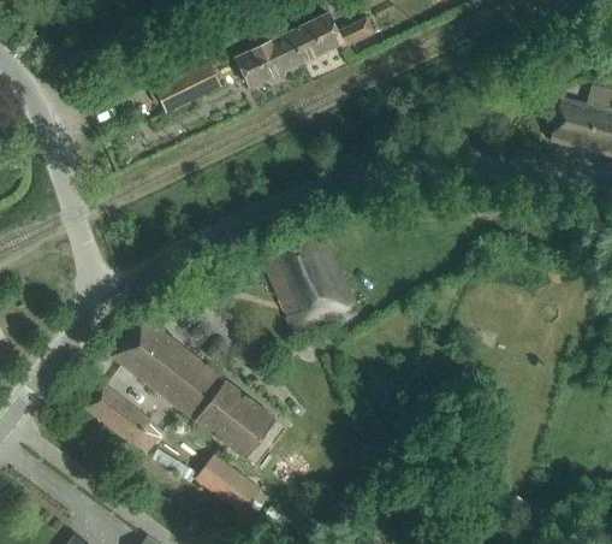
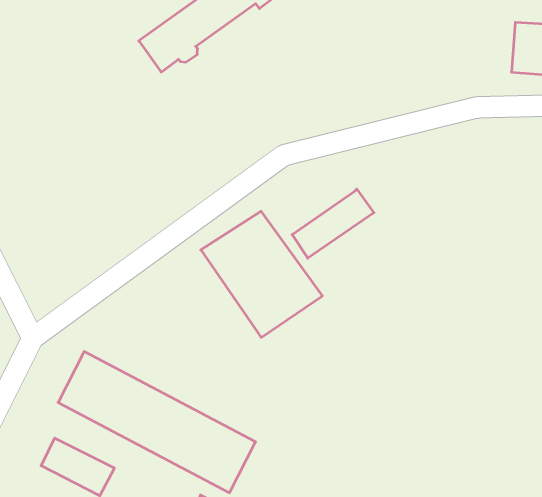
building: [154,61,221,113] -> none
building: none -> [292,189,374,258]

